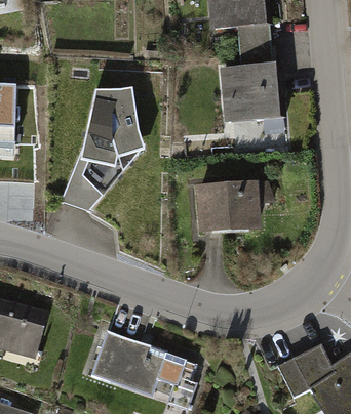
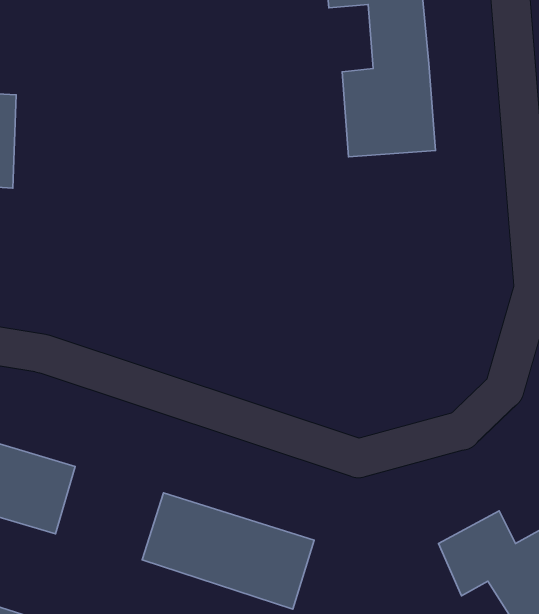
building: [61,91,143,211] -> none
building: [197,179,258,234] -> none

